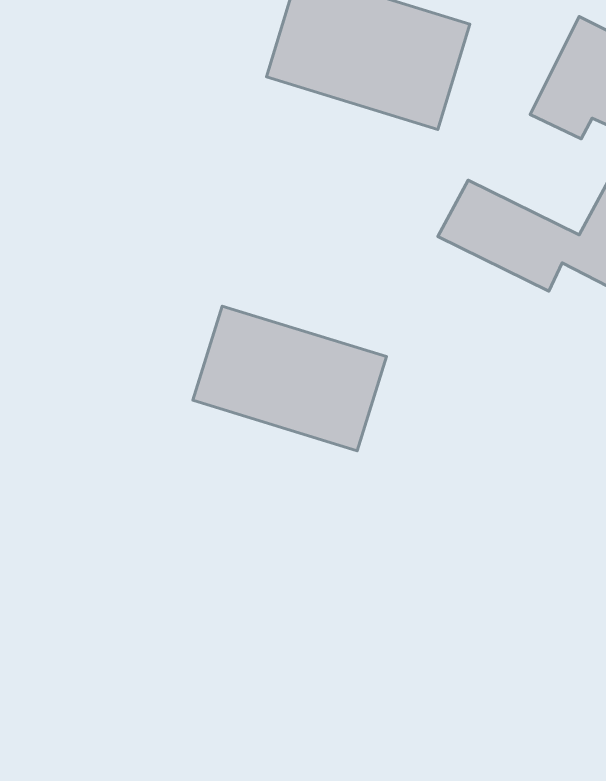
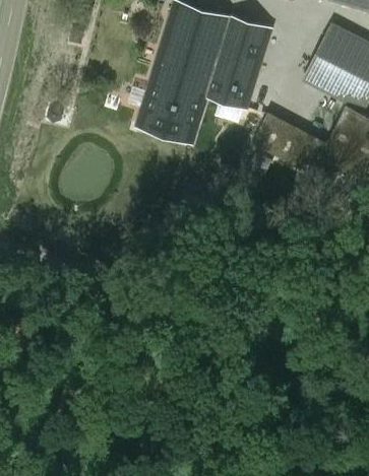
building: none -> [138,59,252,144]
building: [193,306,386,451] -> none

